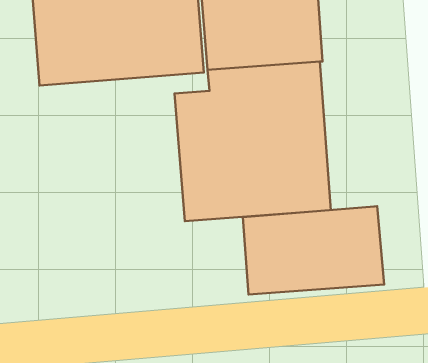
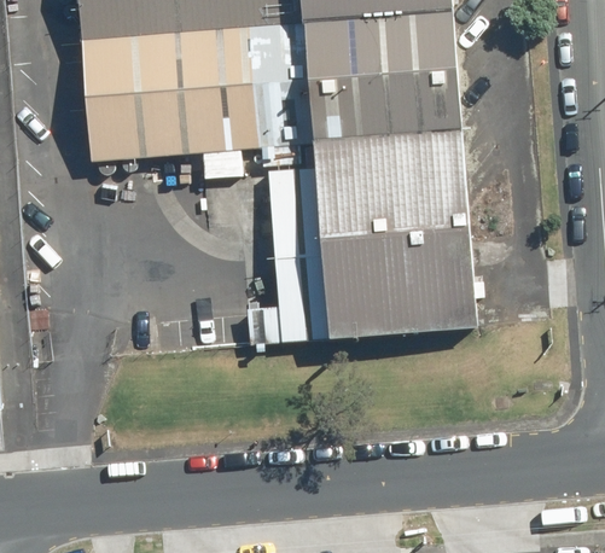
building: [243,206,384,295] -> none

